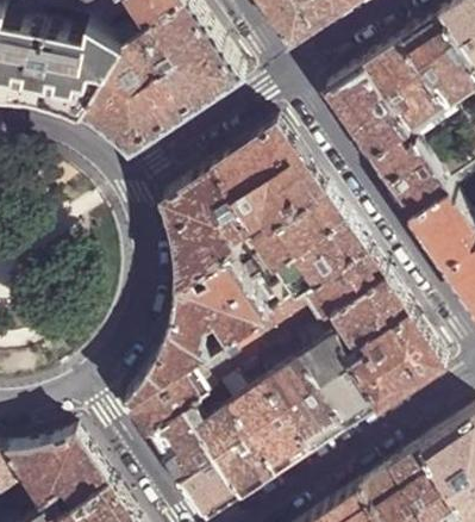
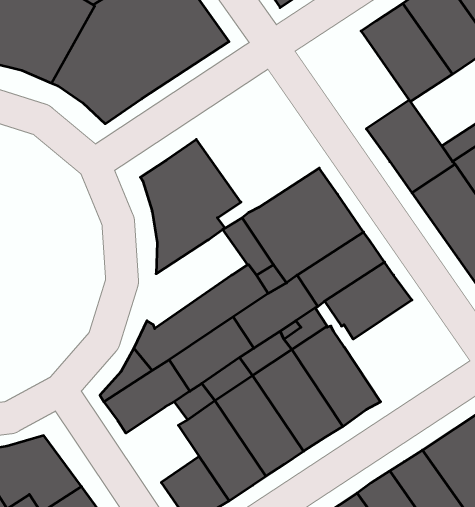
building: [324,69,407,159] -> none
building: [213,126,325,230] -> none
building: [168,260,245,341] -> none
building: [348,315,445,408] -> none
building: [149,412,215,483] -> none

